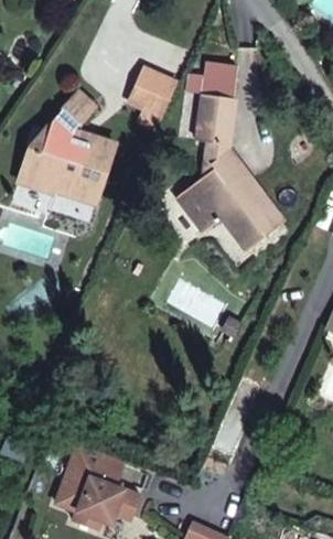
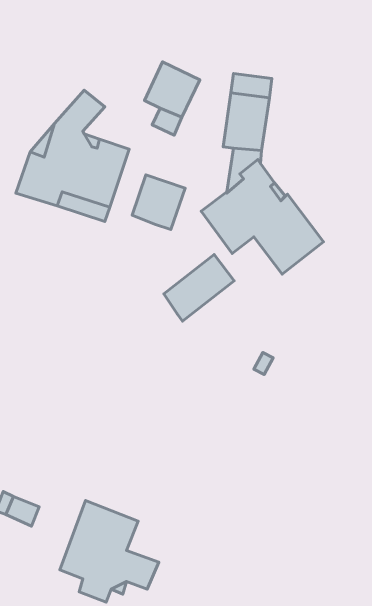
building: none -> [132,175,185,229]
building: none -> [164,254,234,321]

